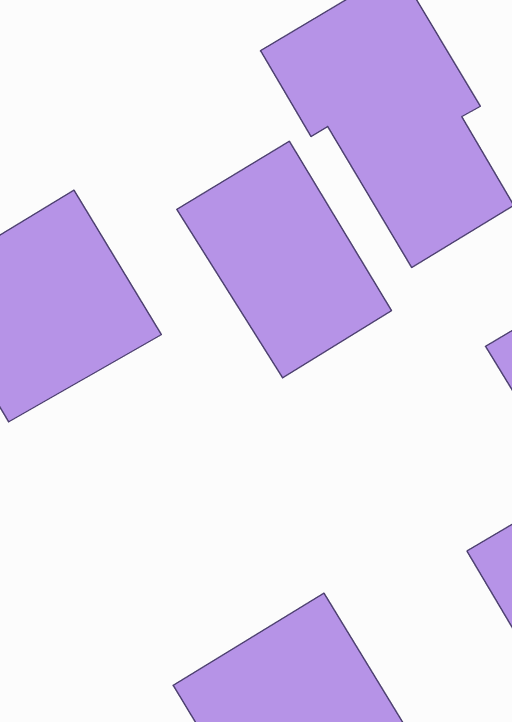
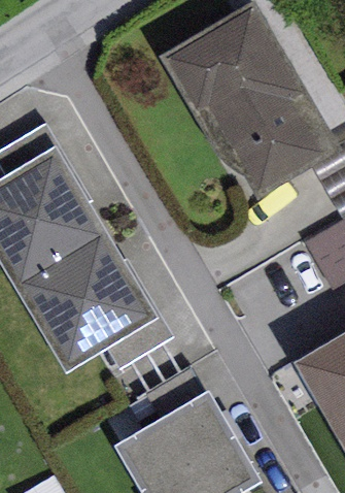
building: [177,141,391,378] -> none
building: none -> [11,231,157,372]

